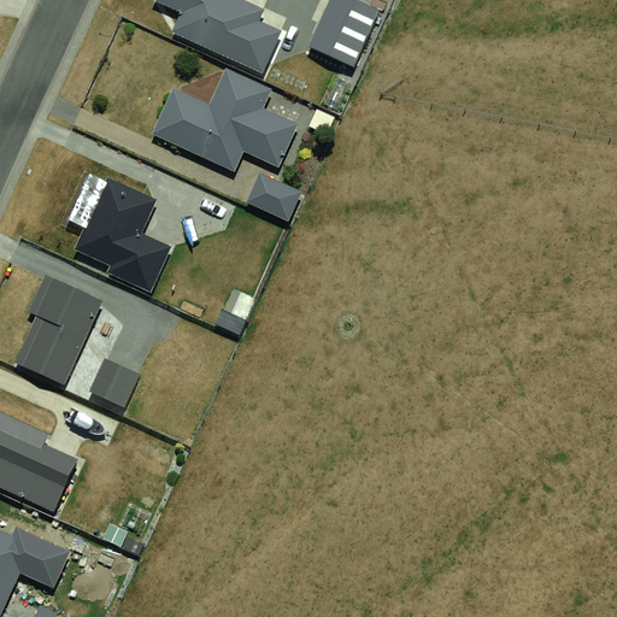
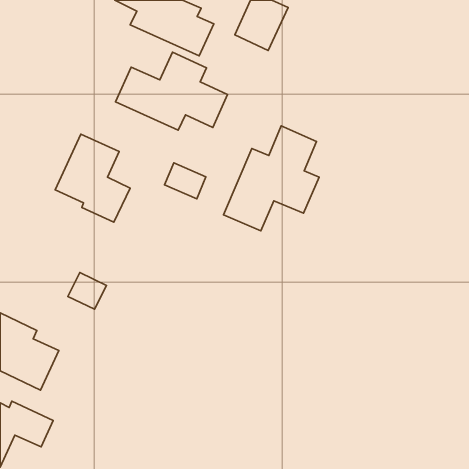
building: none -> [223,126,319,231]
building: [247,174,301,221] -> [165,163,206,199]
building: [16,275,102,383] -> none

